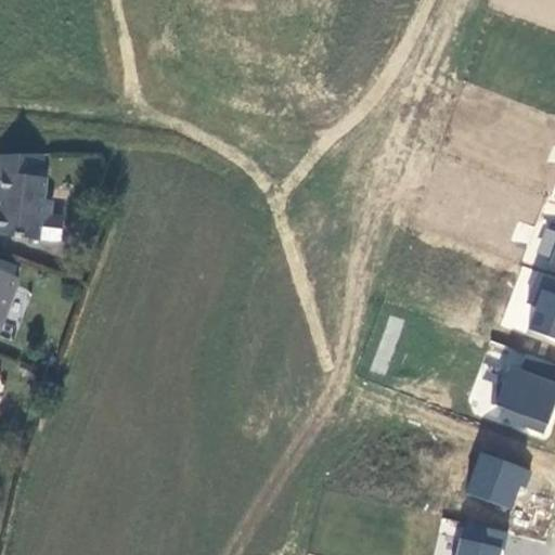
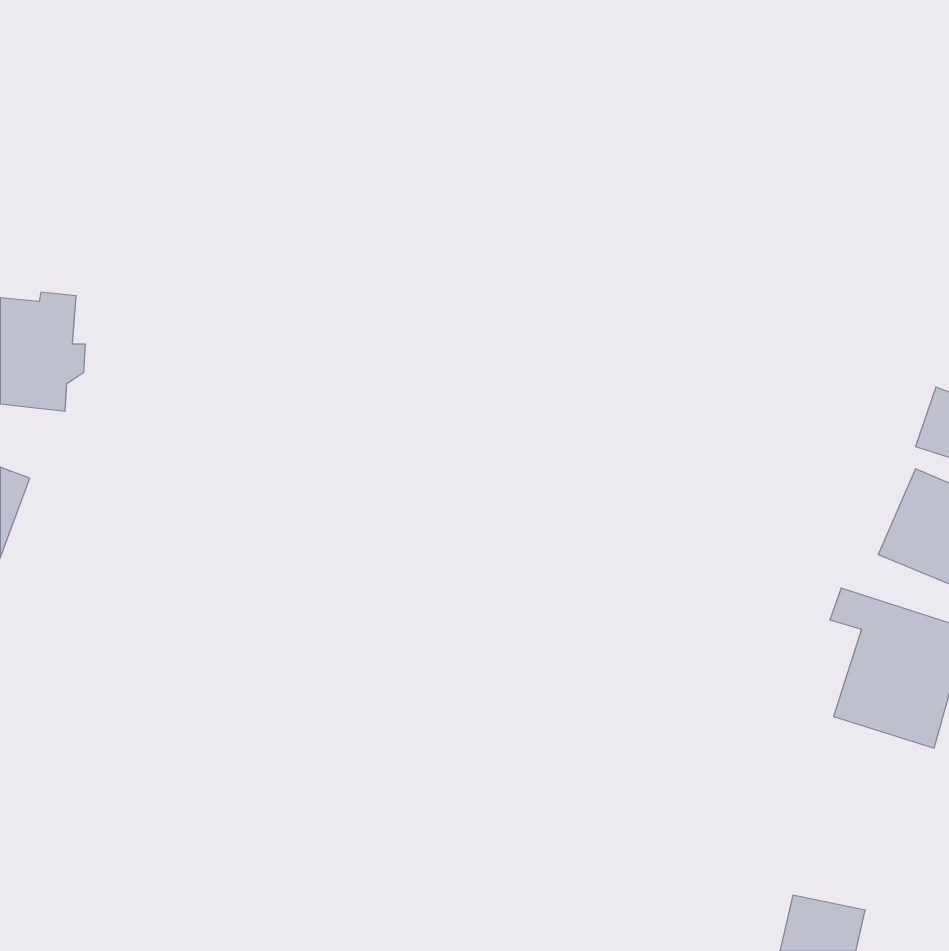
building: [465,451,530,512] -> none

